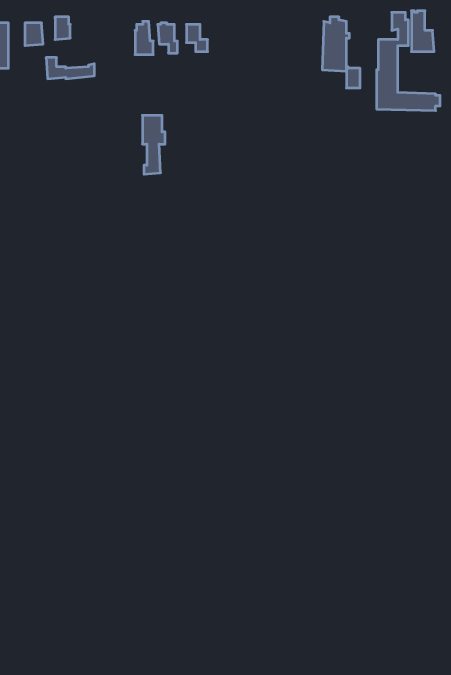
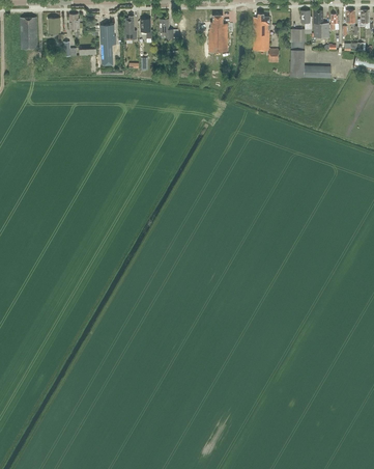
building: none -> [208,15,227,51]
building: [142,115,165,174] -> [99,25,115,65]

